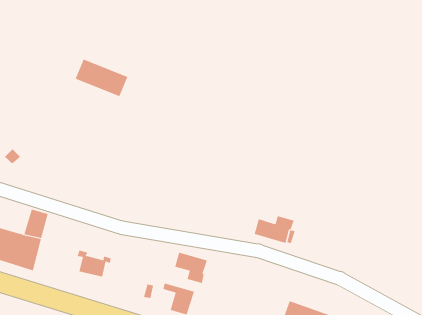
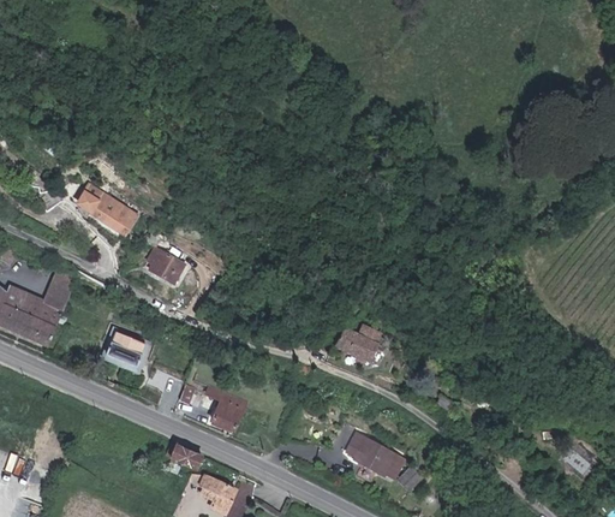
building: [75,59,128,97] -> [68,179,135,233]
building: none -> [145,248,183,284]
building: [174,252,207,284] -> none

